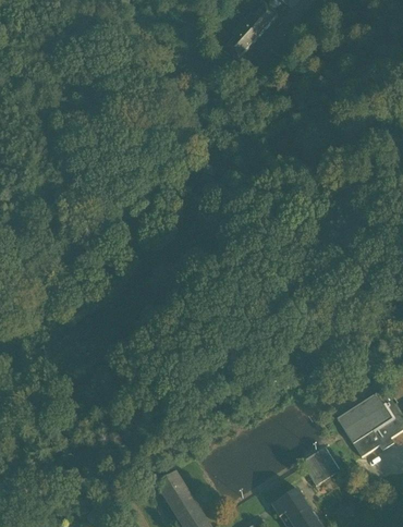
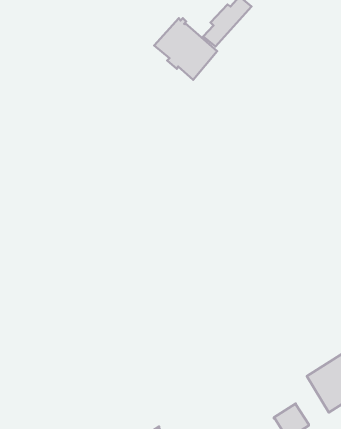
building: none -> [154,18,217,80]

